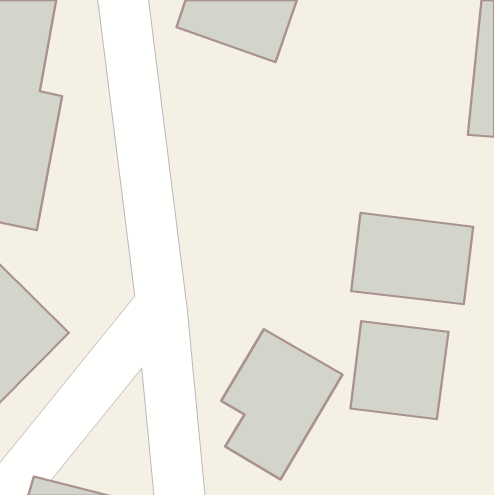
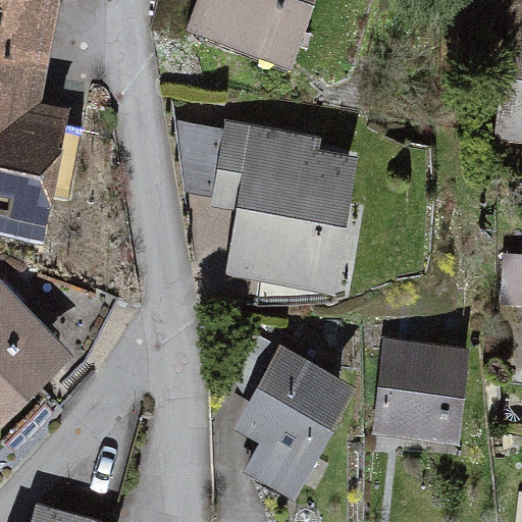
building: none -> [208,120,358,294]
building: [351,213,473,304] -> none

